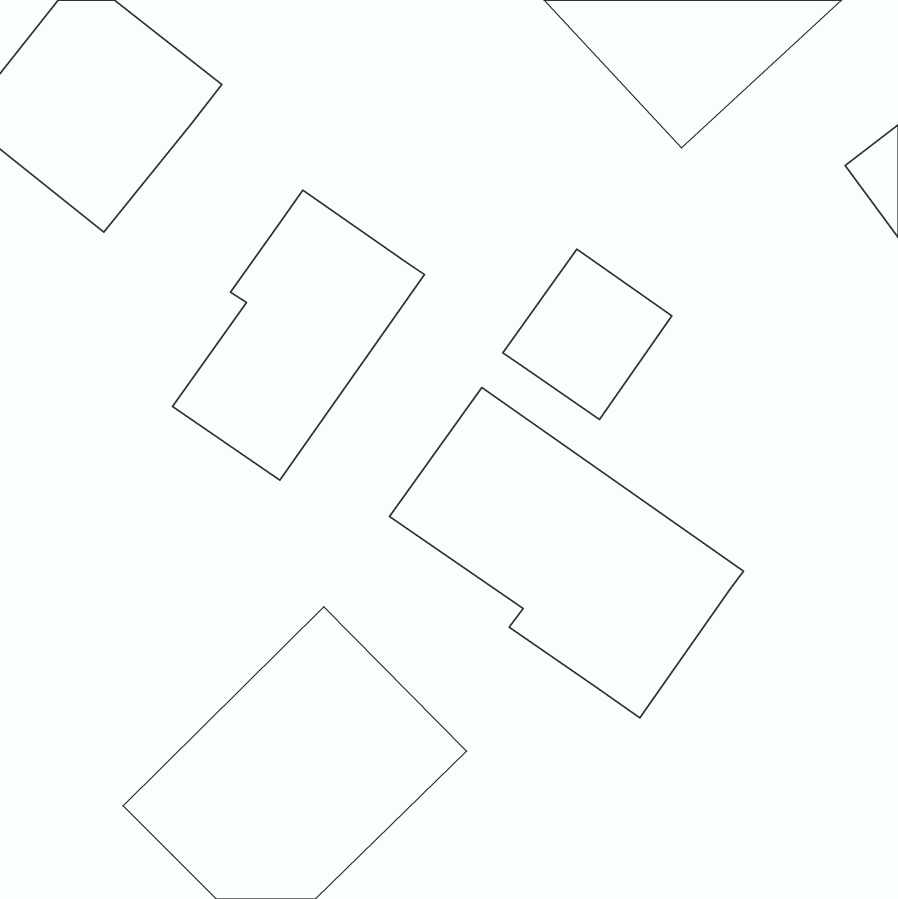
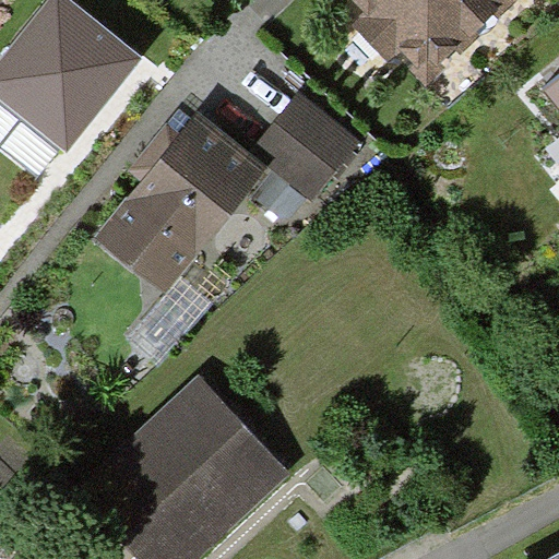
building: [503,249,672,420] -> [253,99,358,205]
building: [390,388,744,718] -> none

